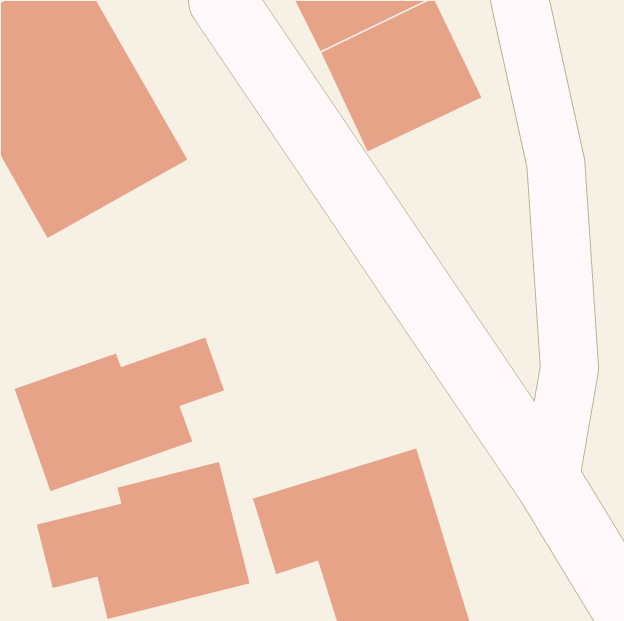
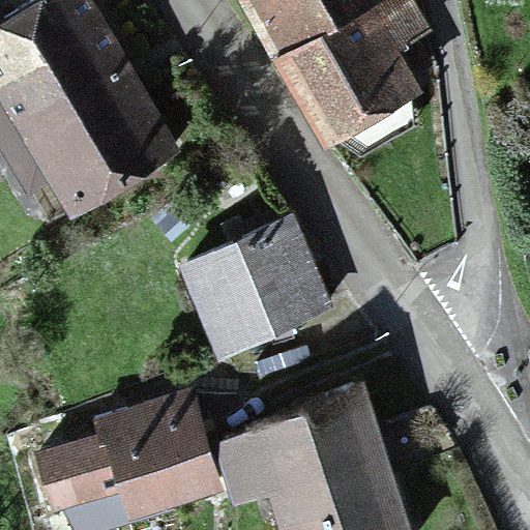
building: none -> [180,219,335,352]
building: [13,336,225,492] -> none

